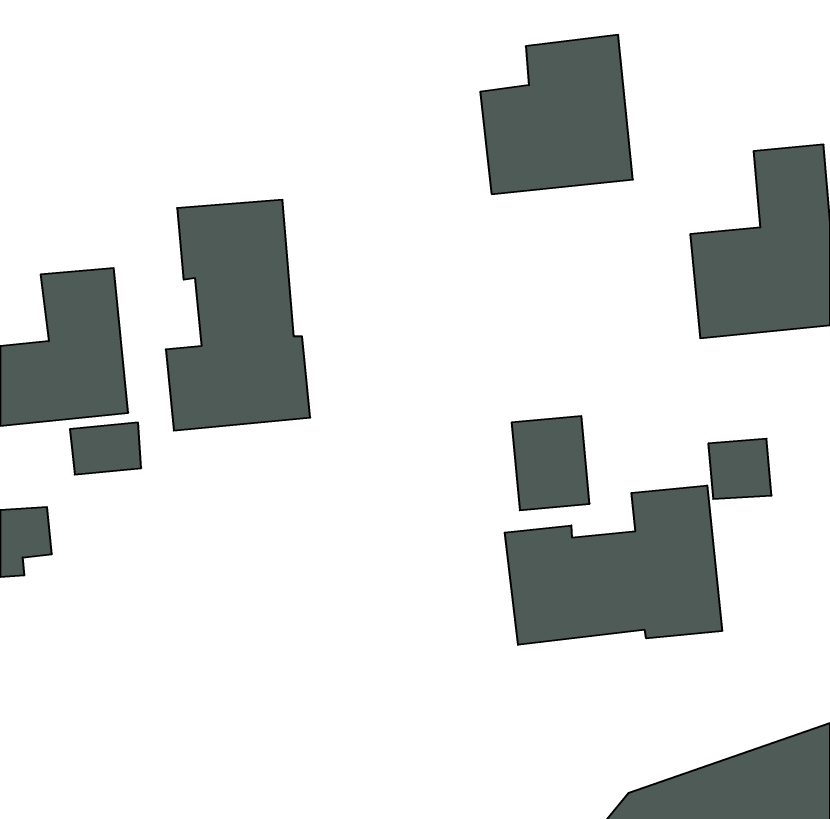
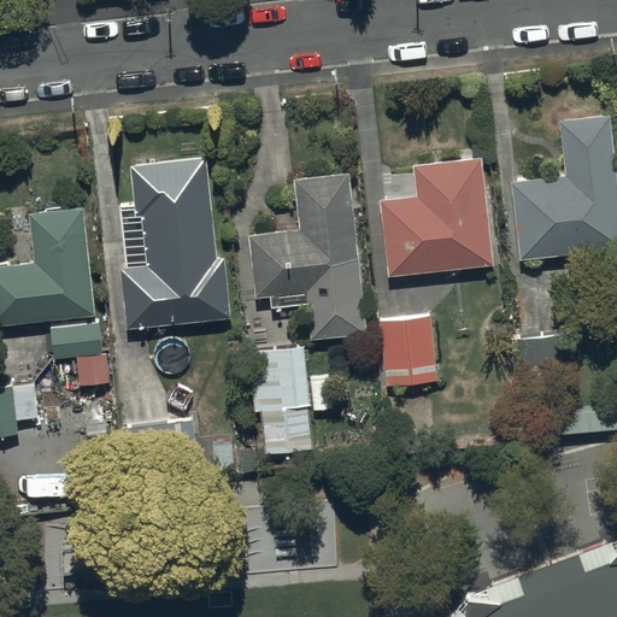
building: [480,35,633,194] -> [380,157,493,275]
building: none -> [248,172,365,340]
building: none -> [247,345,333,453]
building: [505,485,722,645] -> none

